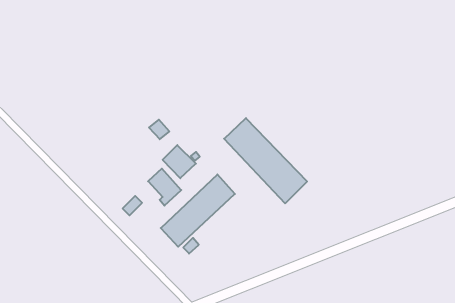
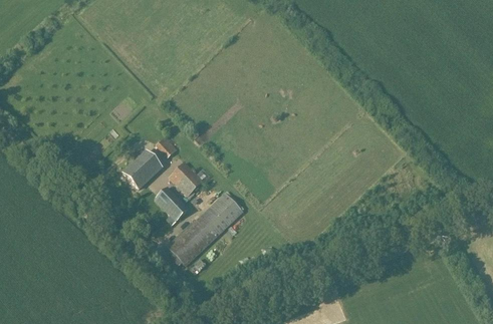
building: [224,118,307,203] -> none
building: none -> [122,150,162,189]

